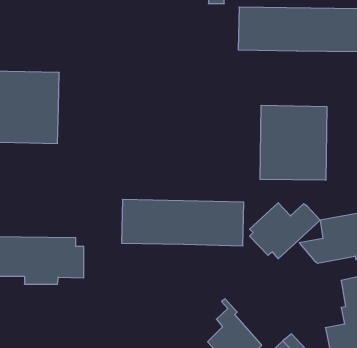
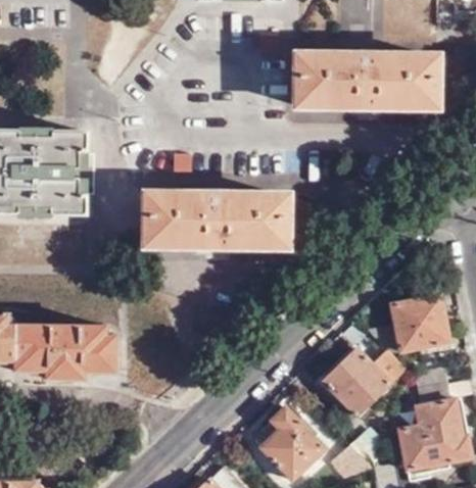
building: [260,105,327,180] -> none
building: [122,199,244,246] -> [144,192,287,246]
building: [250,203,320,259] -> [321,350,403,416]

